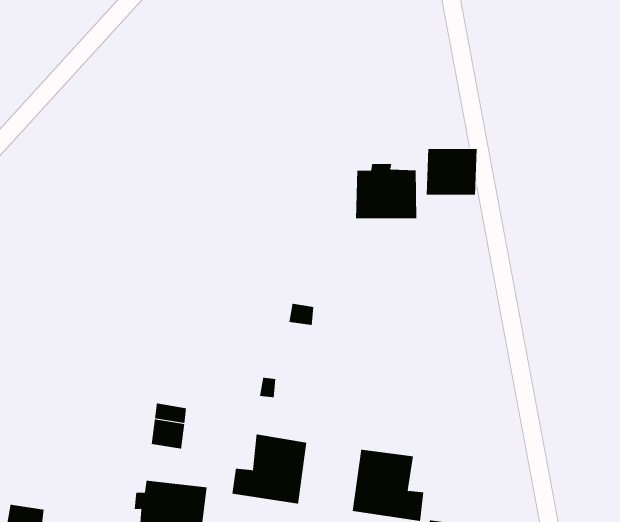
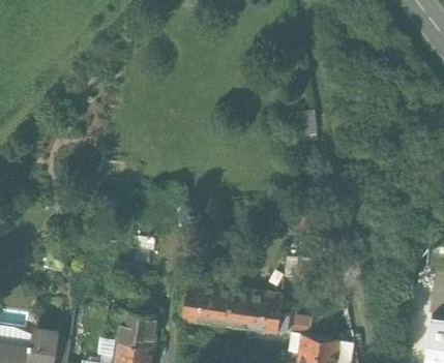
building: [356,163,417,219] -> none
building: none -> [213,288,250,329]

